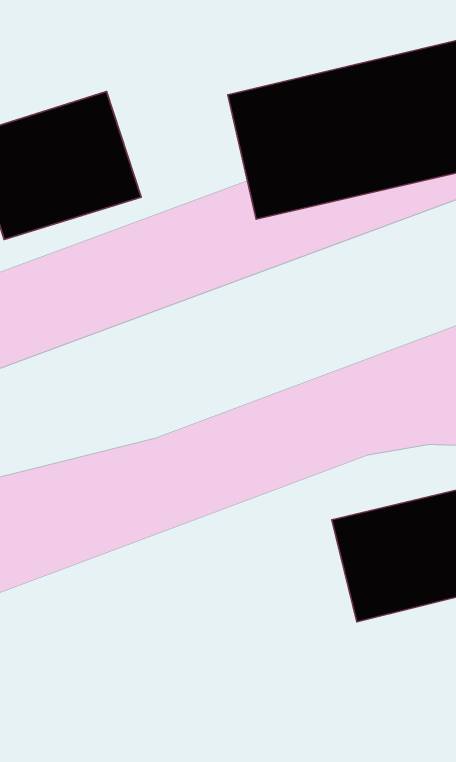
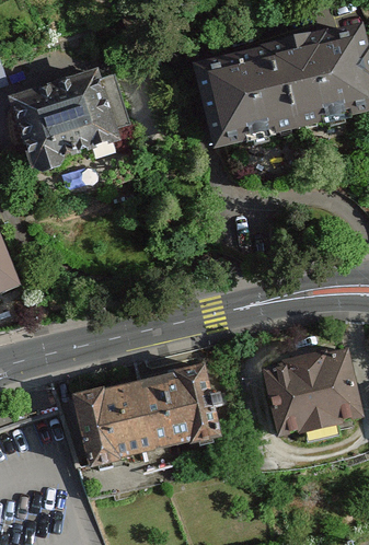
building: none -> [72,359,227,466]

